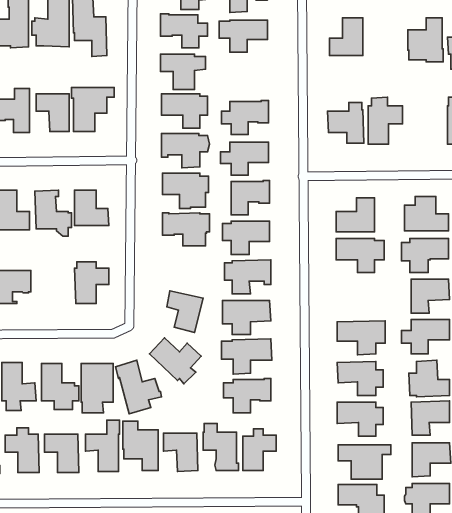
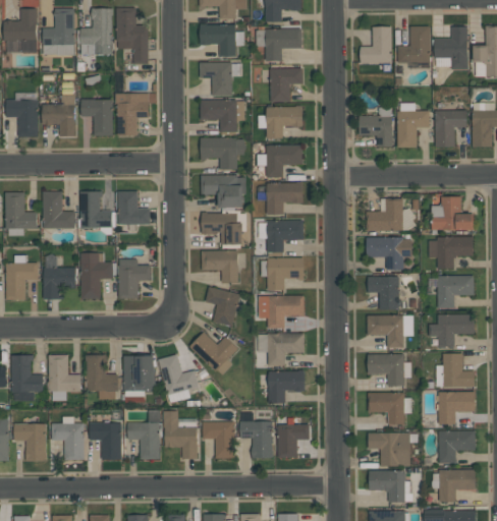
building: none -> [398,26,431,63]
building: none -> [271,68,302,102]
building: none -> [435,111,466,148]
building: none -> [202,250,245,283]
building: none -> [80,253,113,299]
building: none -> [368,277,399,310]

